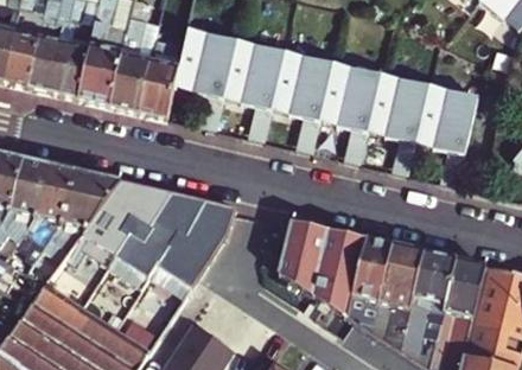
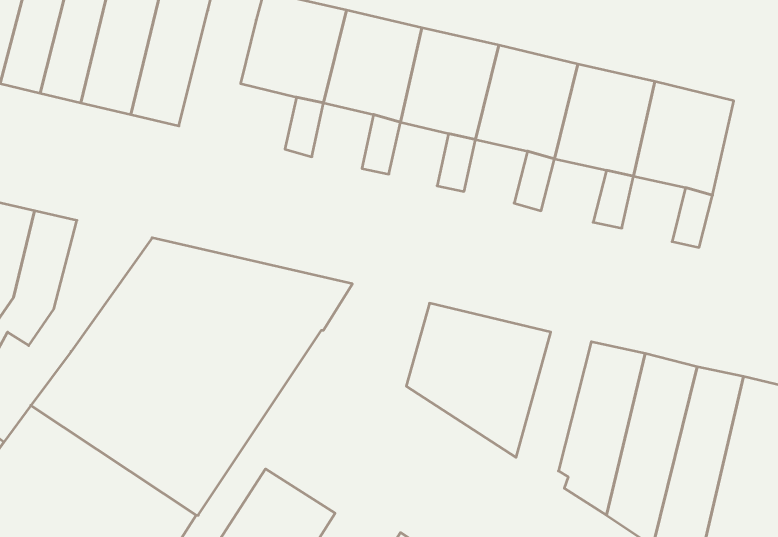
building: [138,40,185,119] -> none
building: [44,170,121,254] -> none
building: [345,238,392,334] -> none

